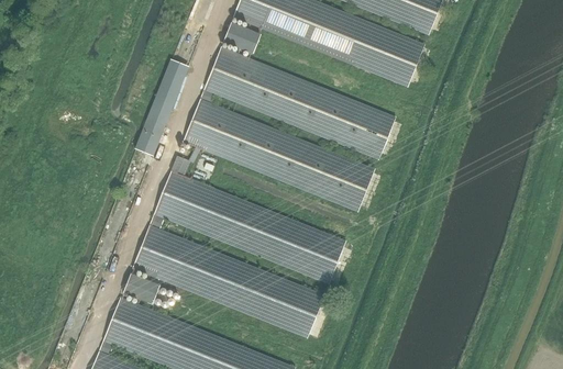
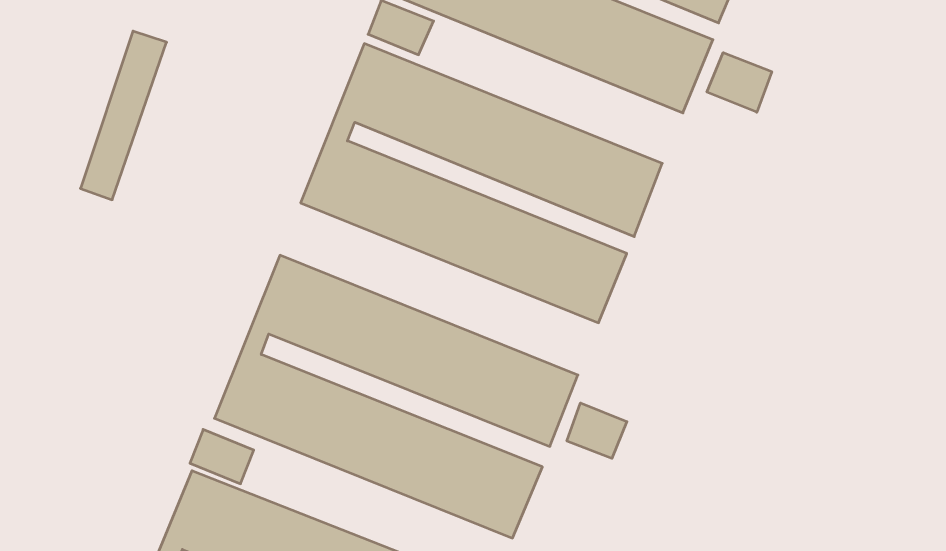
building: none -> [707,53,772,112]
building: [141,55,191,154] -> [80,31,167,200]
building: none -> [567,403,627,458]

